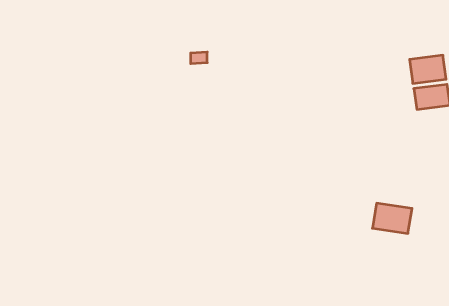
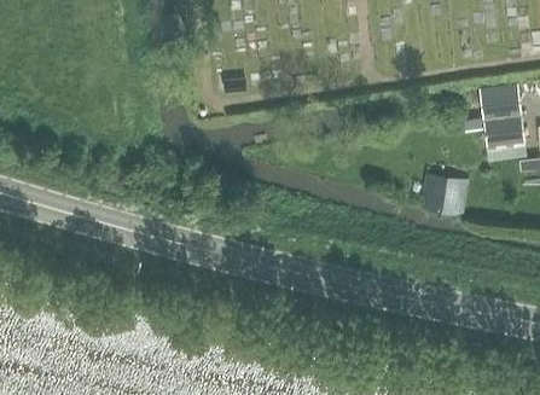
building: [372,203,412,233] -> [423,175,469,210]

